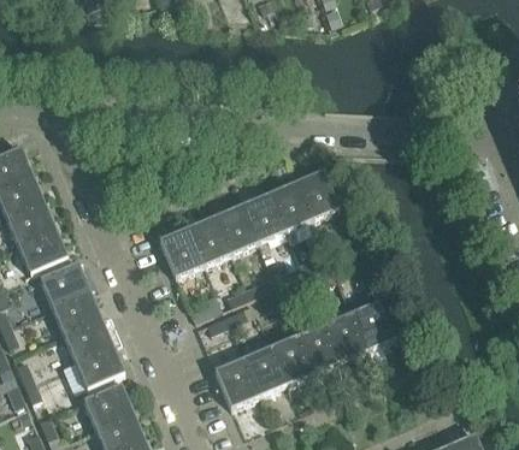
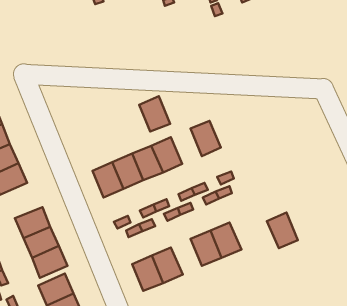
building: [270,182,313,231] -> [139,96,170,132]
building: [41,264,90,307] -> none
building: [352,301,395,350] -> [267,213,298,248]
building: [270,336,313,385] -> none

